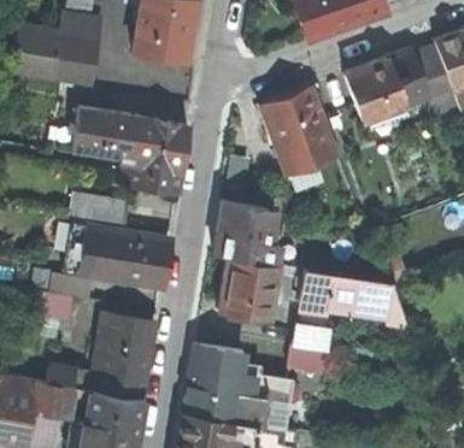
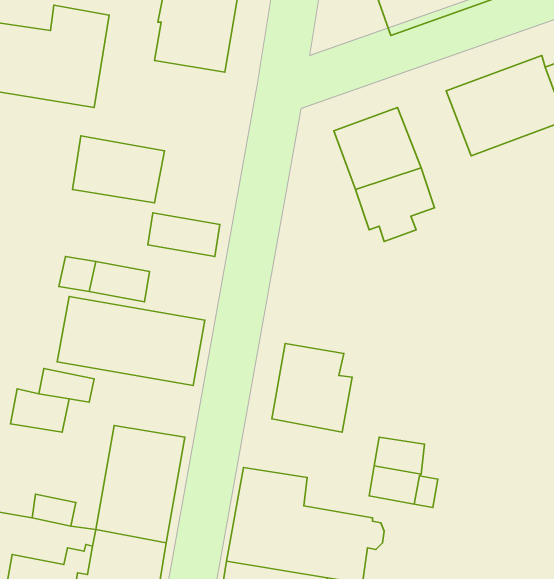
building: [134,119,190,172] -> none
building: [215,202,281,265] -> none
building: [301,270,405,320] -> none

